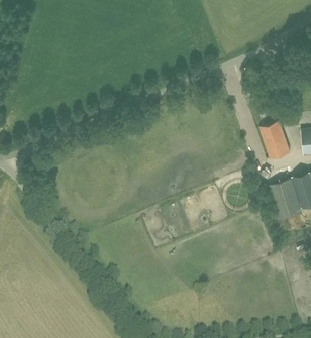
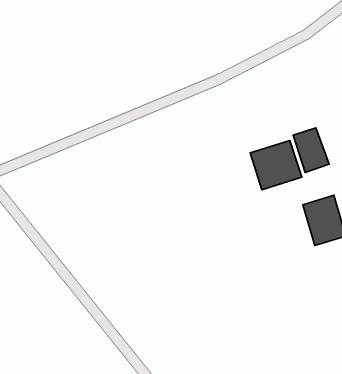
building: none -> [250,140,302,190]

